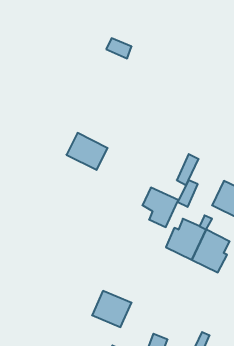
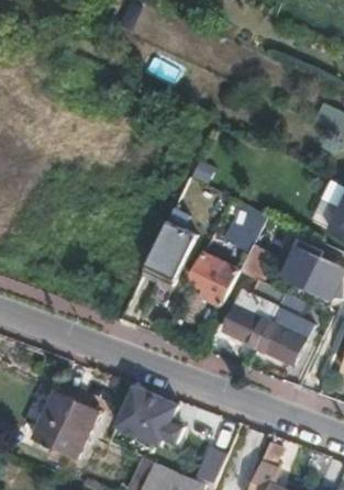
building: [66,133,108,170] -> [148,225,202,274]
building: none -> [35,389,98,454]

